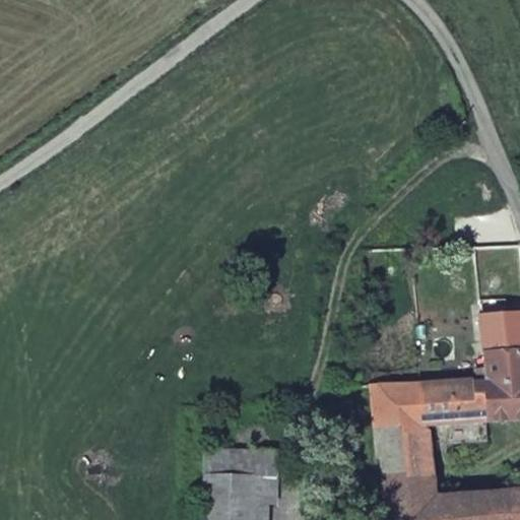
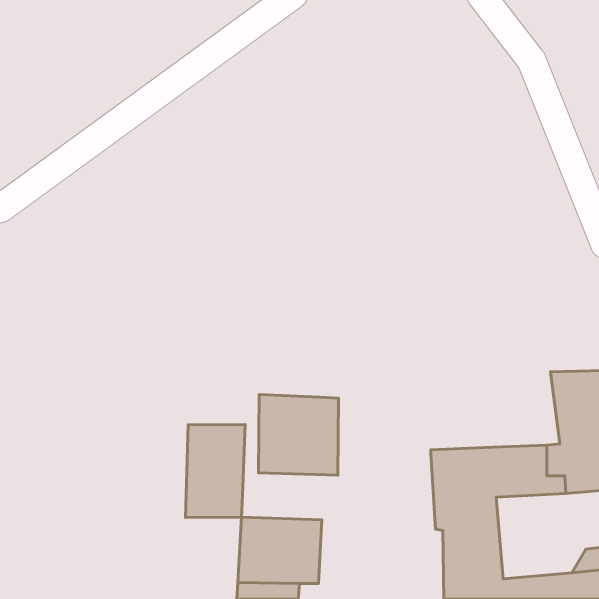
building: none -> [258,395,338,475]
building: none -> [186,425,245,518]

